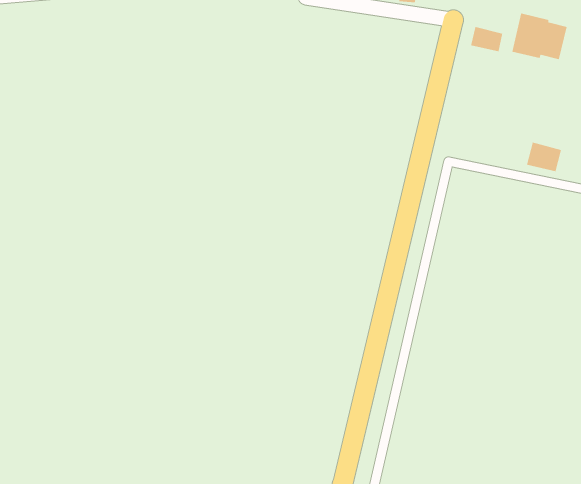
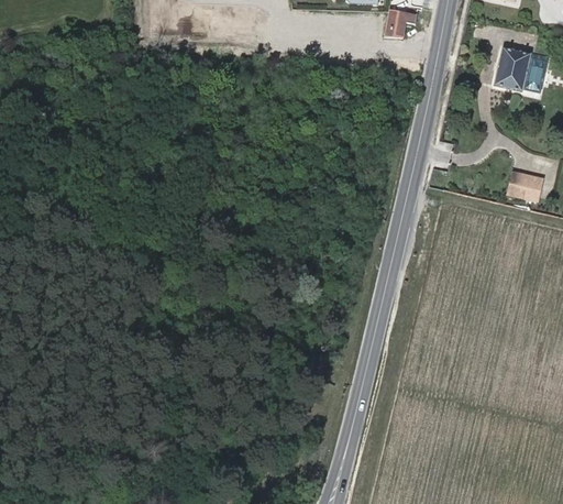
building: [471,26,503,52] -> none

